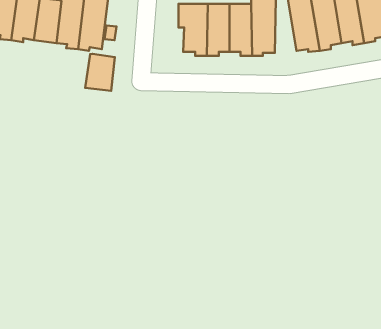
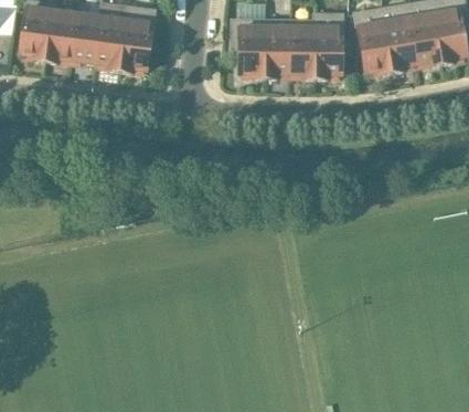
building: [85,54,115,91] -> none

